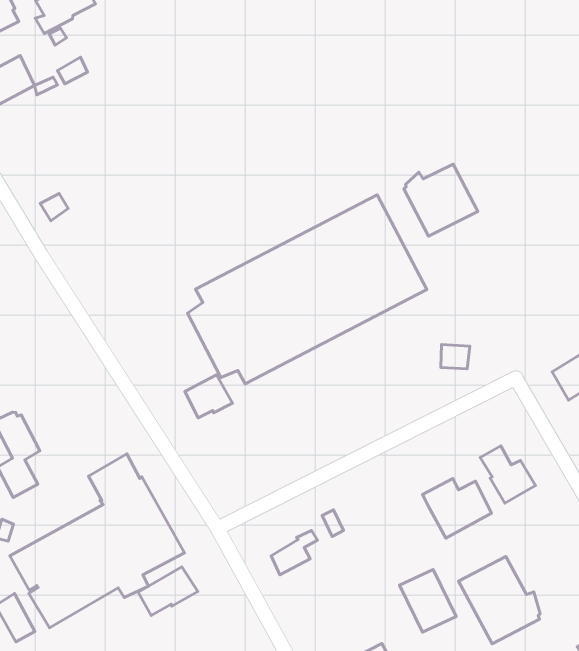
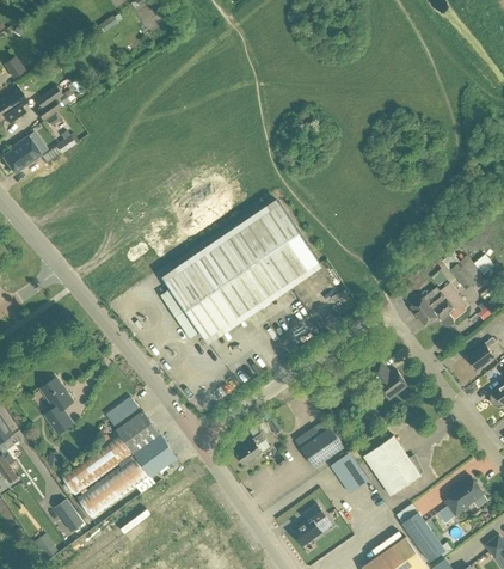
building: [404,164,478,236] -> none
building: [185,375,232,418] -> none
building: [423,479,491,538] -> [296,427,344,467]
building: [138,567,198,616] -> none

